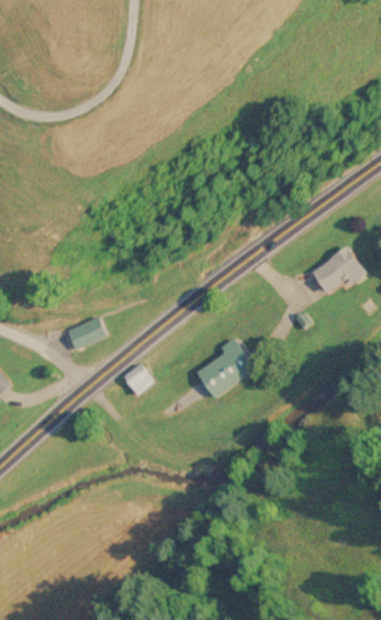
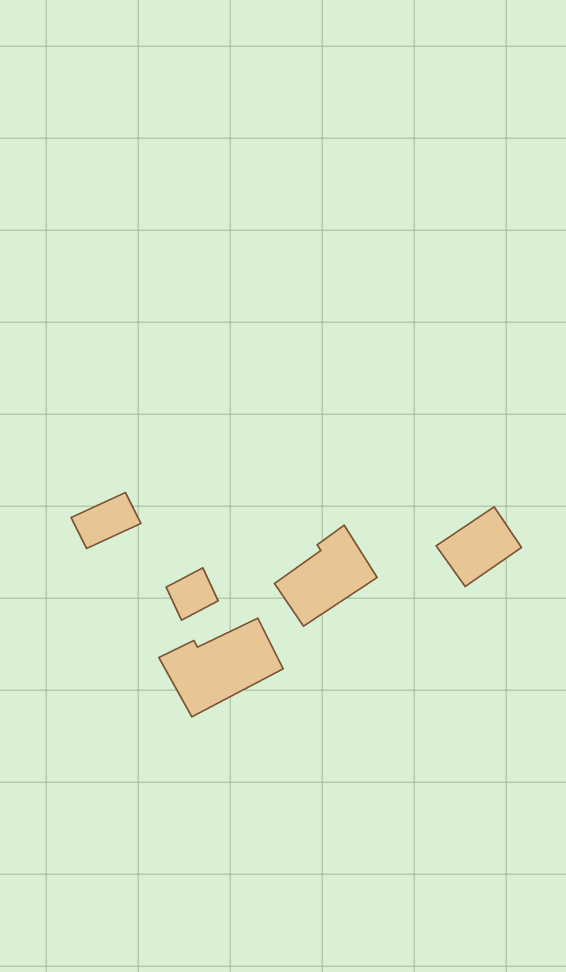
building: [314,246,368,295] -> [436,507,521,586]
building: none -> [159,618,283,717]

